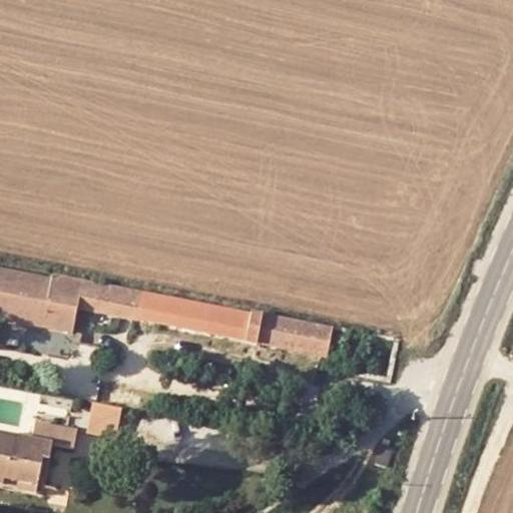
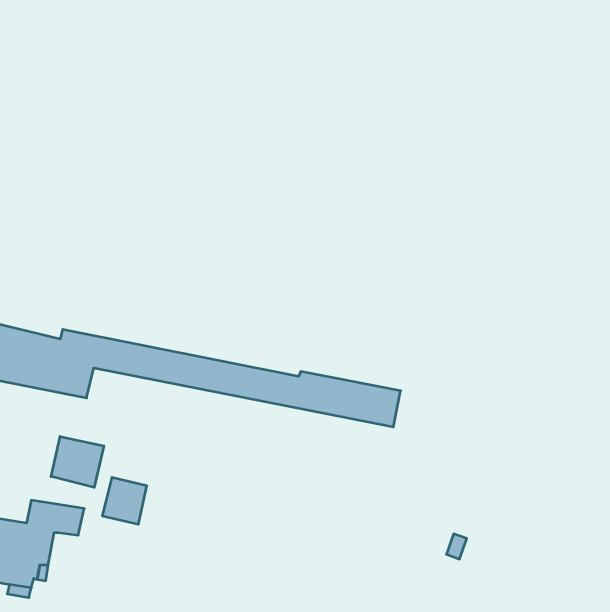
building: none -> [51,436,104,487]

